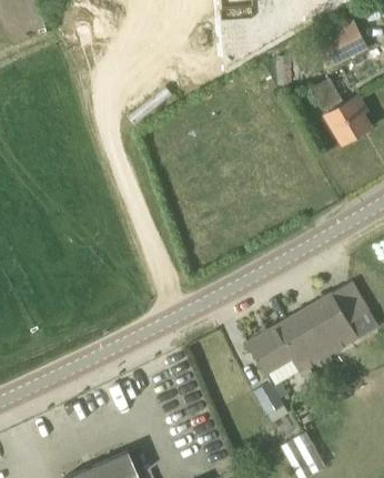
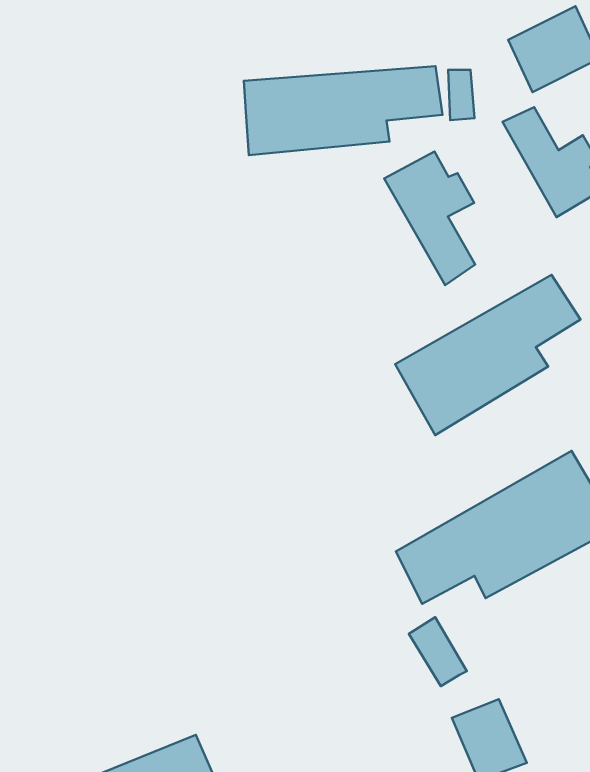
building: none -> [244,66,443,155]
building: none -> [384,152,475,285]
building: none -> [395,275,581,435]

